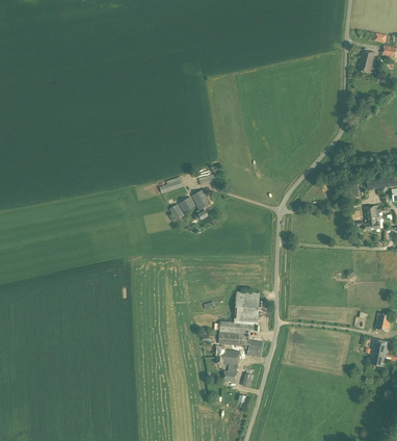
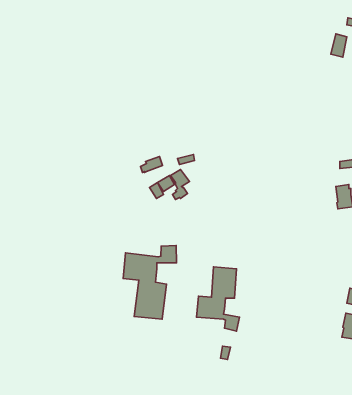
building: none -> [123,246,177,319]
building: [216,346,239,382] -> none

